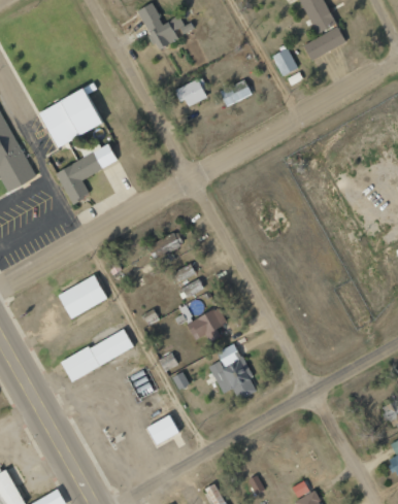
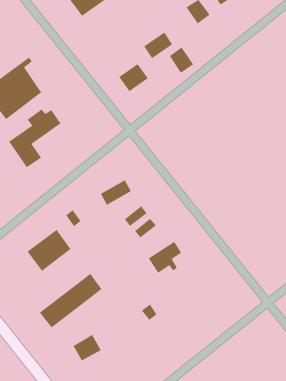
building: [175,78,208,108] -> [118,63,149,92]
building: none -> [169,46,194,74]
building: [209,344,256,400] -> none
building: [146,416,177,444] -> [73,334,102,361]

